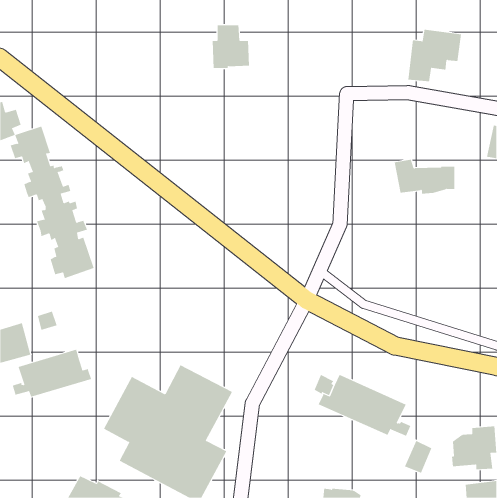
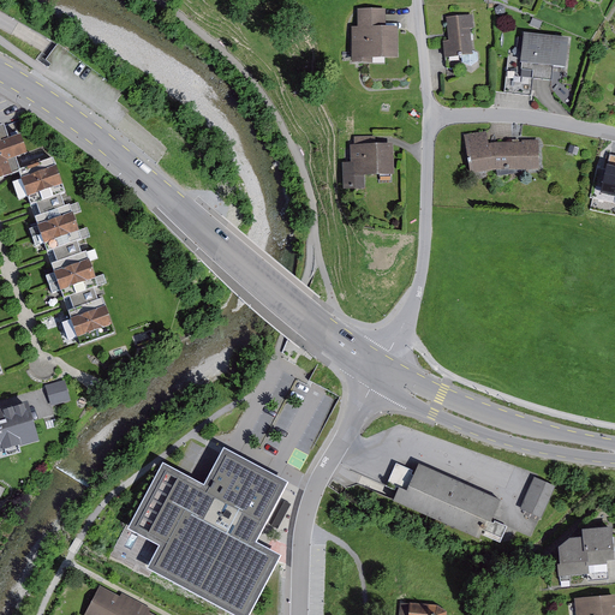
building: none -> [441,17,477,68]
building: [212,25,250,69] -> [351,12,398,66]
building: none -> [340,136,393,189]
building: [394,159,455,194] -> [462,131,538,174]
building: [12,349,92,397] -> none
building: [404,440,432,473] -> [519,476,554,517]

